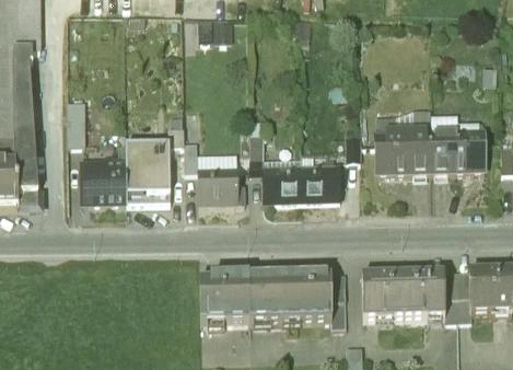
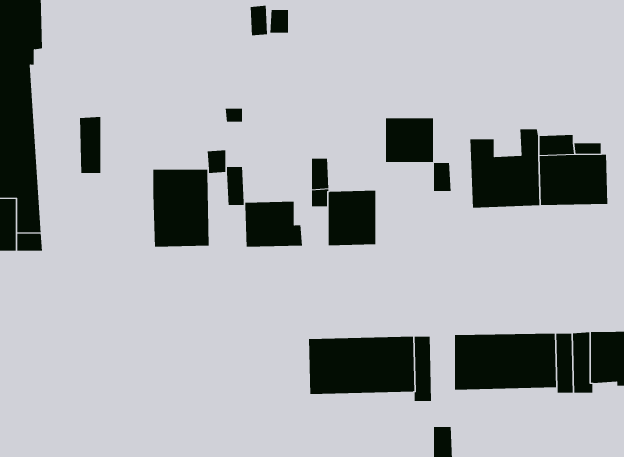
building: [81,157,126,203] -> none
building: [301,165,339,200] -> [385,118,434,162]
building: [198,275,248,320] -> none

